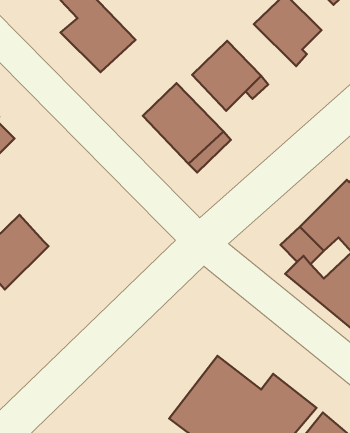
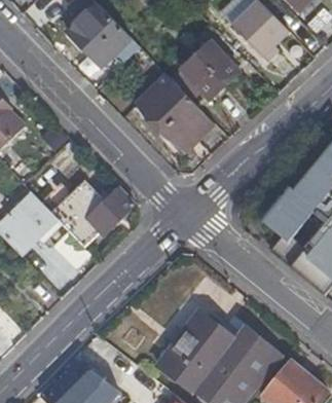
building: none -> [52,180,134,245]

